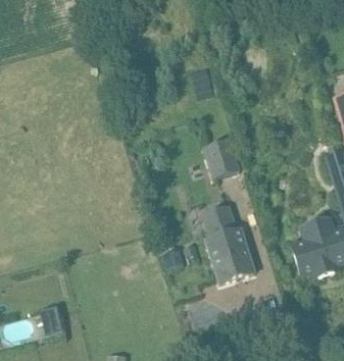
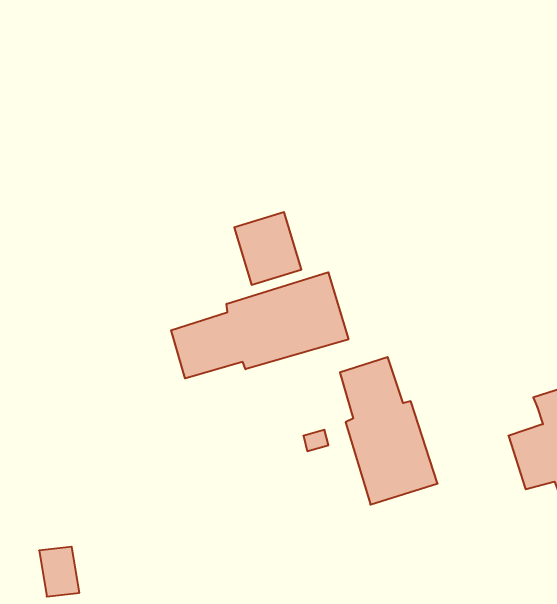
building: [203,140,239,178] -> [234,212,301,285]
building: none -> [171,272,348,378]

